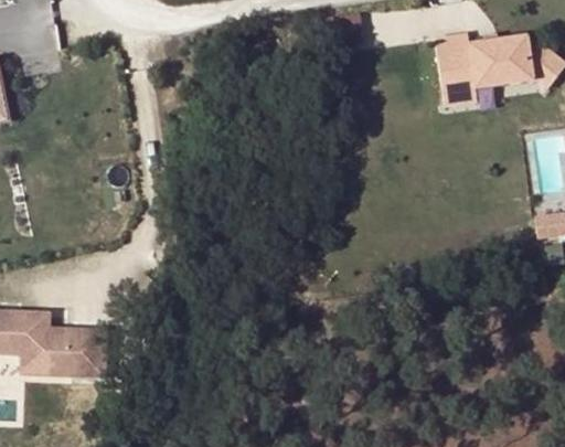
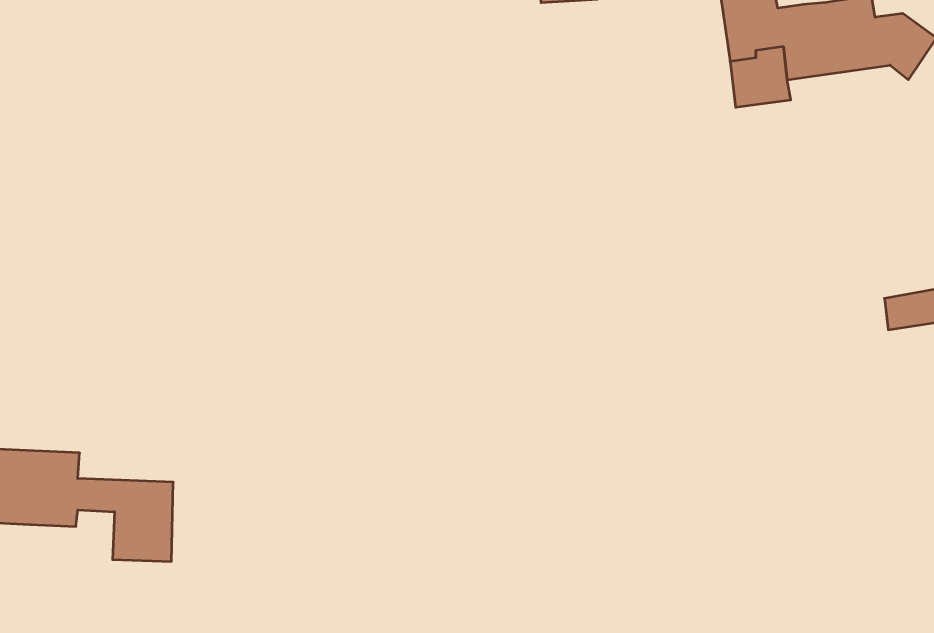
building: [20,345,71,375] -> none

